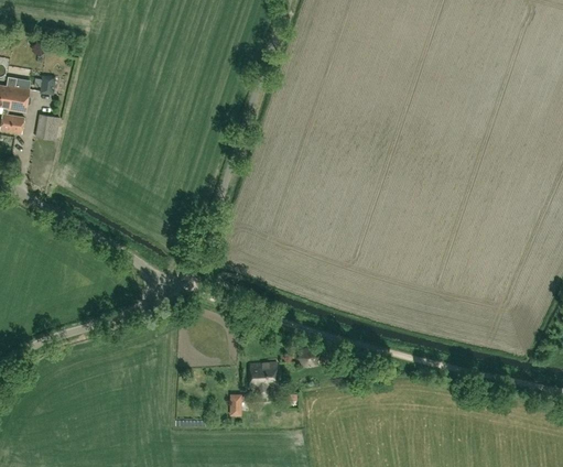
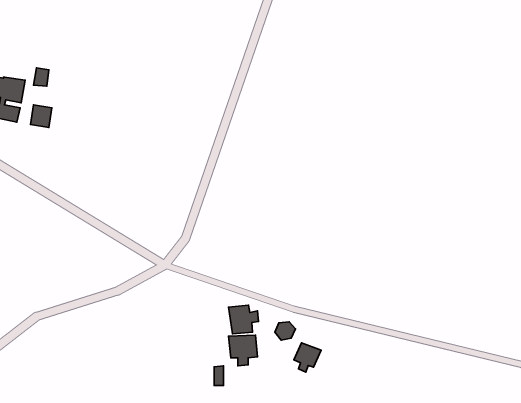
building: none -> [229,305,258,334]
building: none -> [294,343,321,372]

